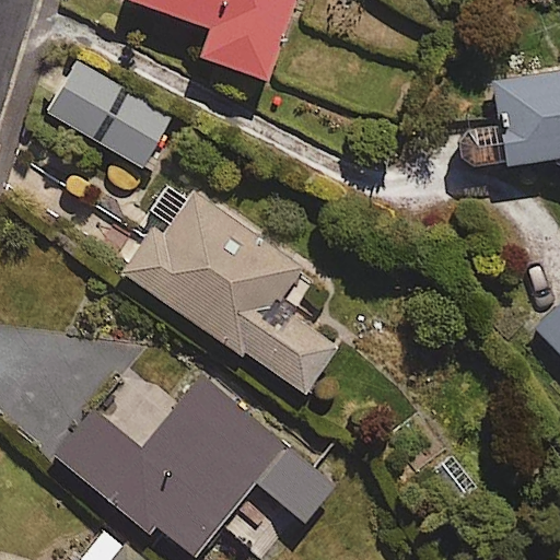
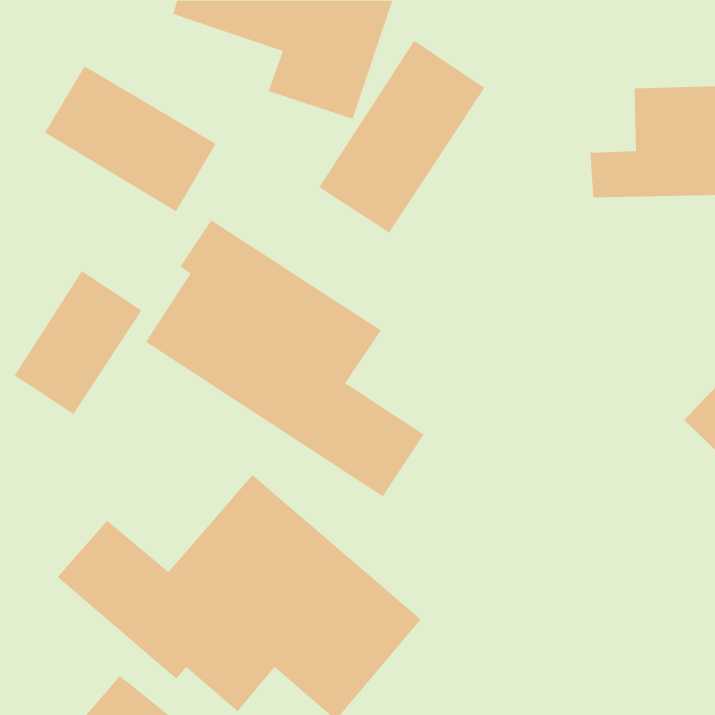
building: none -> [319,40,485,234]
building: none -> [14,270,142,415]

